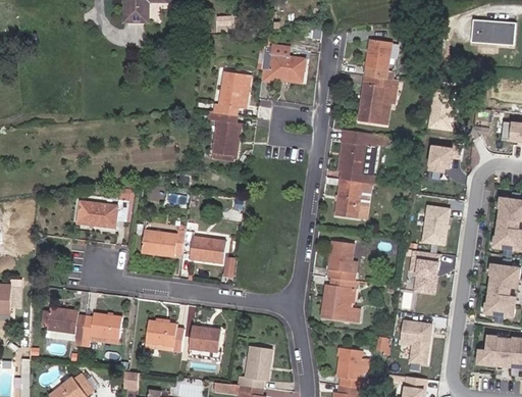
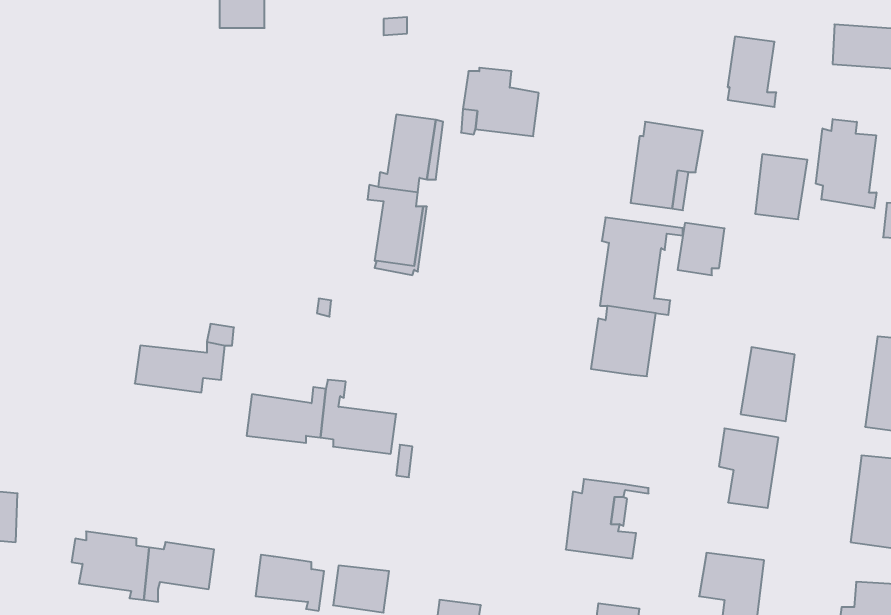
building: [366,40,394,80] -> [728,37,776,107]
building: none -> [816,119,876,208]
building: [426,143,453,172] -> [678,223,725,275]
building: [328,241,358,281] -> none

